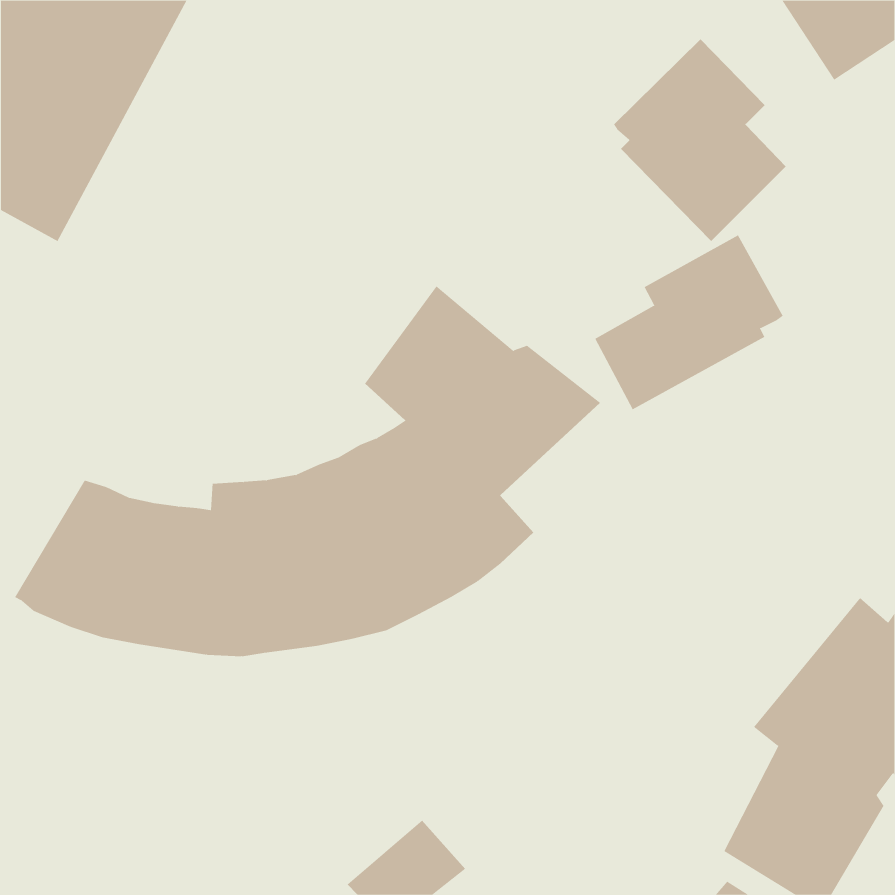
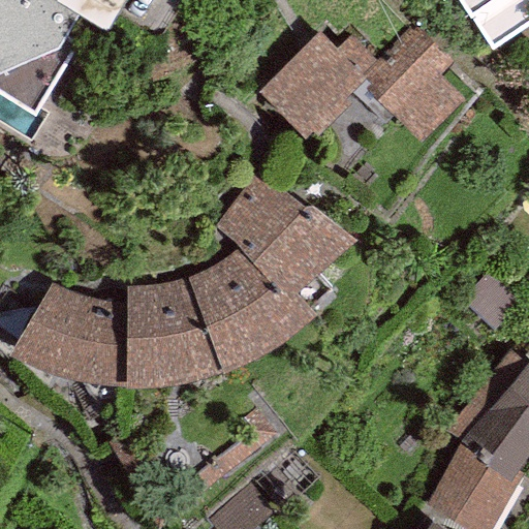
building: none -> [259,30,364,139]
building: [595,234,783,410] -> none

